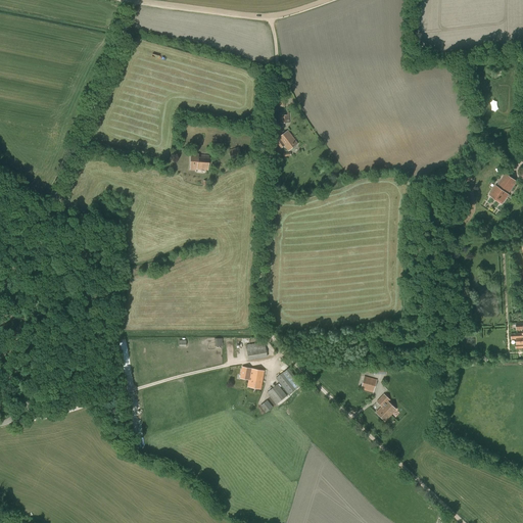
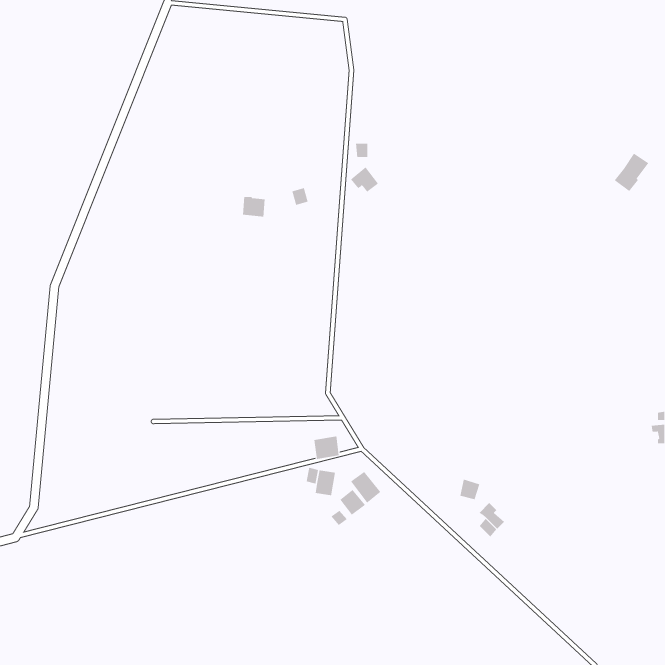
building: [489,174,517,204] -> [614,153,649,192]

